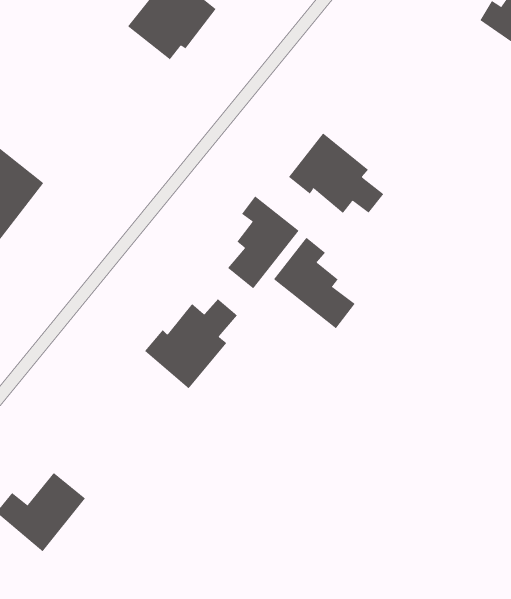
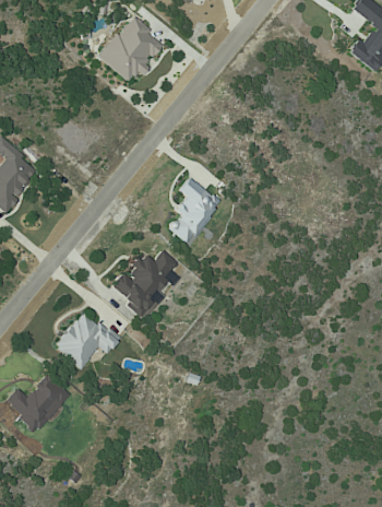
building: [288,133,384,214] -> none
building: [273,237,355,329] -> none
building: none -> [55,310,120,368]

